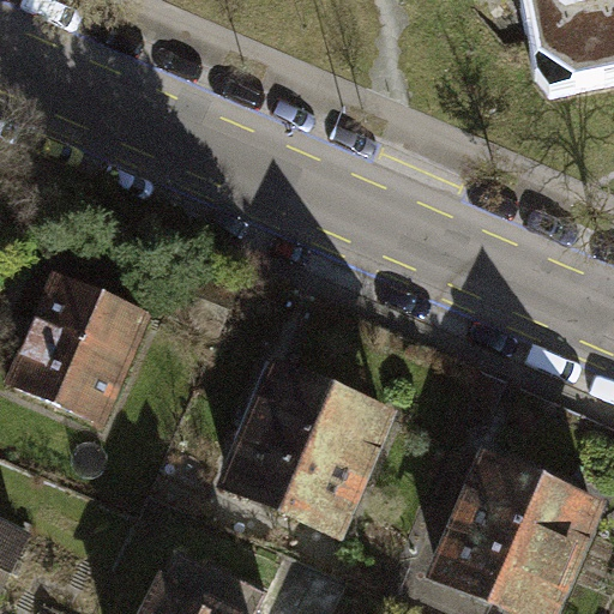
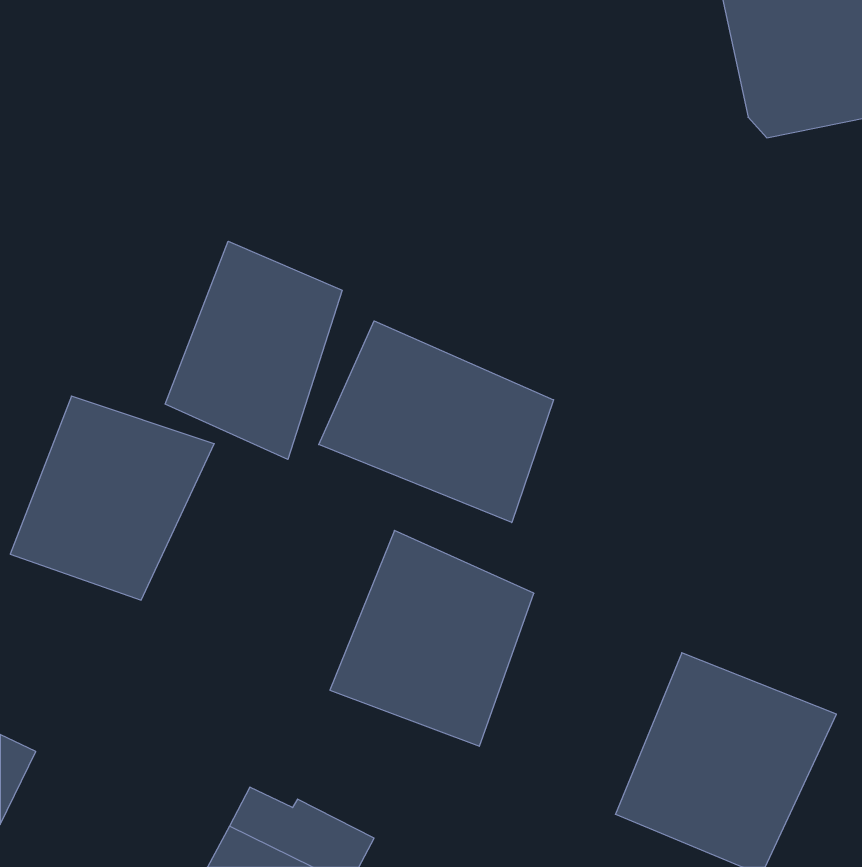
building: none -> [165,241,342,459]
building: none -> [319,321,554,523]

